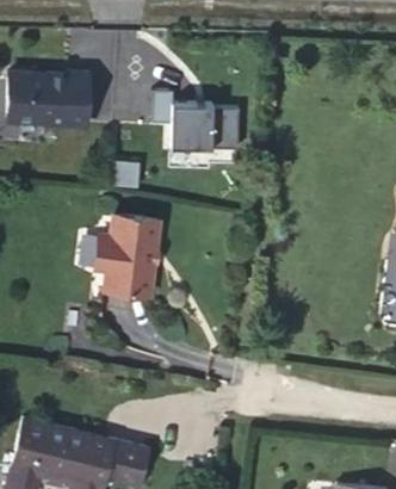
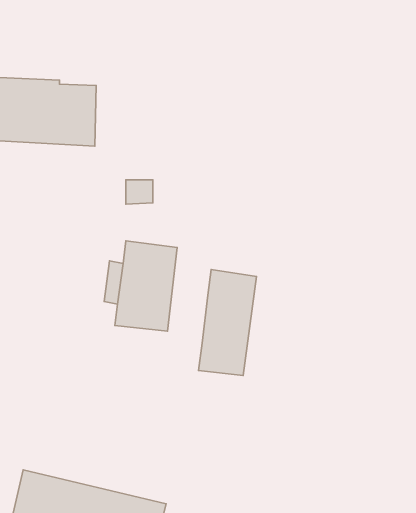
building: [149,93,240,155] -> none
building: none -> [199,269,256,376]

